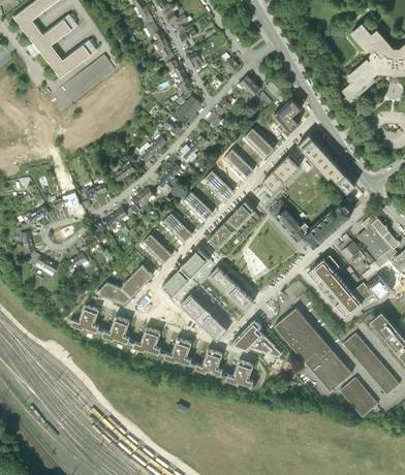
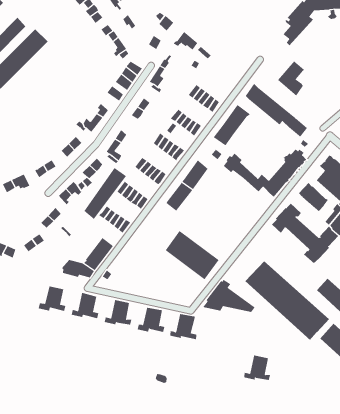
building: [274,98,302,133] -> [277,60,305,96]
building: [163,248,210,296] -> [83,167,127,220]
building: [182,294,227,339] -> none
building: [226,359,253,386] -> [244,355,271,380]

